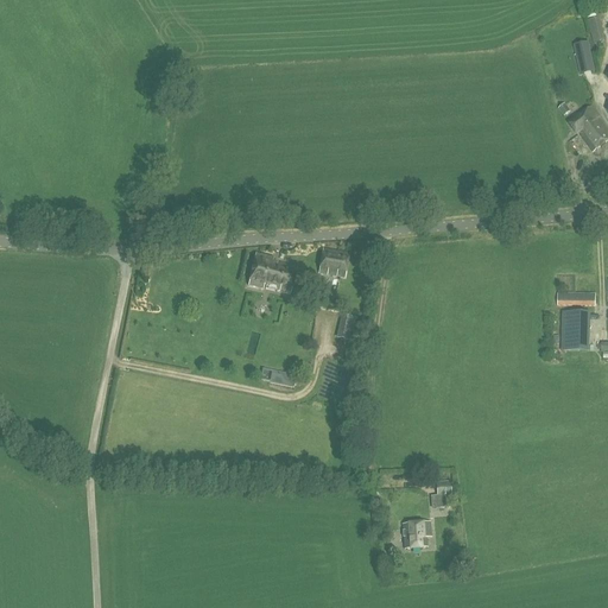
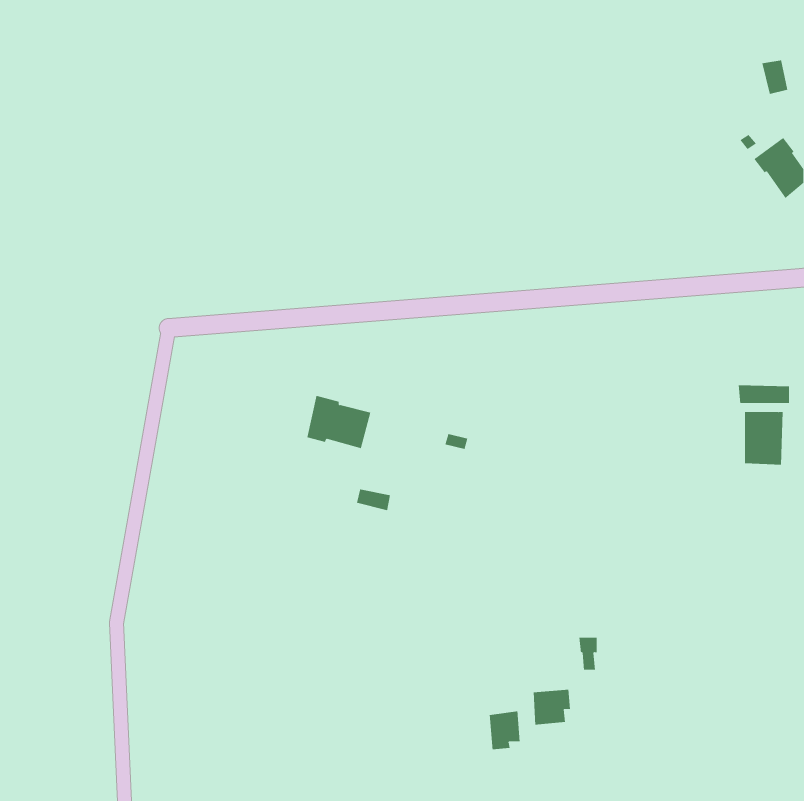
building: [317,245,349,276] -> none
building: [247,251,296,291] -> [306,395,371,449]
building: none -> [489,711,520,750]

